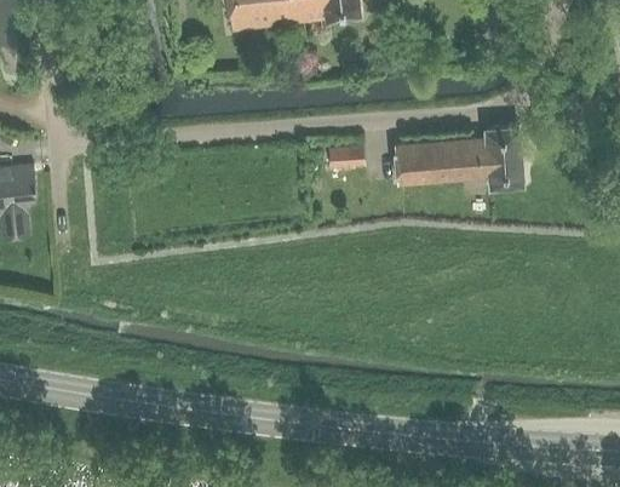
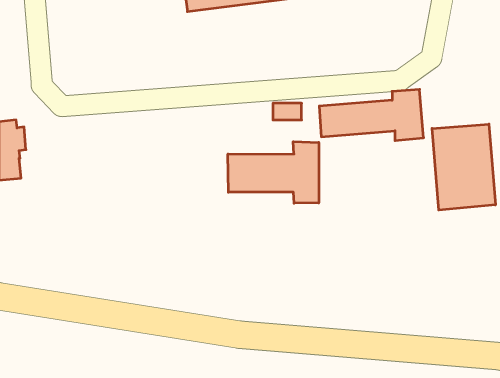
building: none -> [432,124,495,210]
building: none -> [228,142,319,203]

